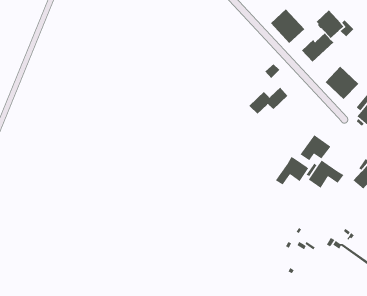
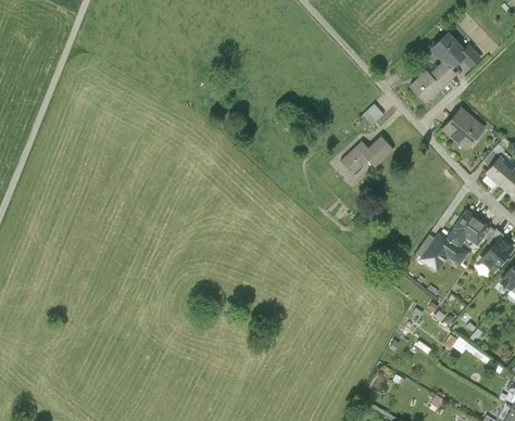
building: [270,8,305,44] -> none
building: [300,134,331,161] -> [447,210,489,246]
building: [275,156,309,186] -> none

